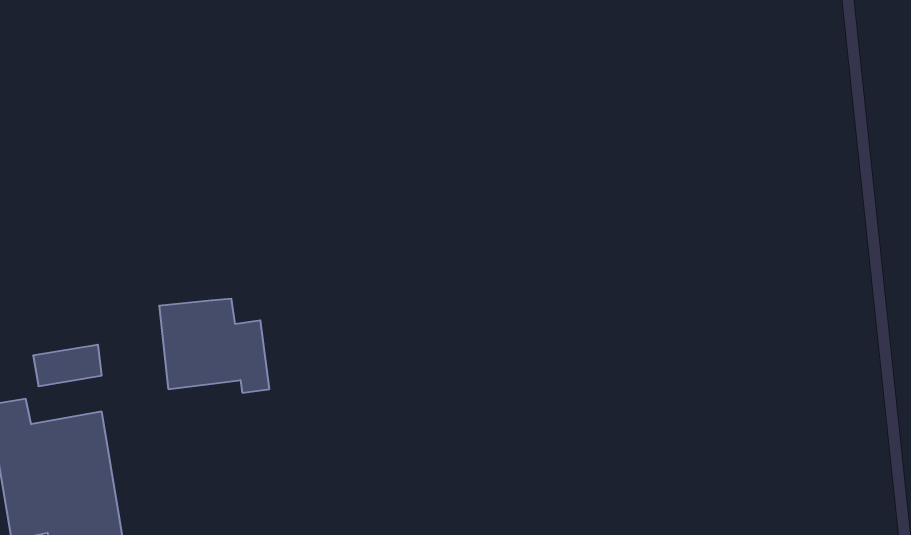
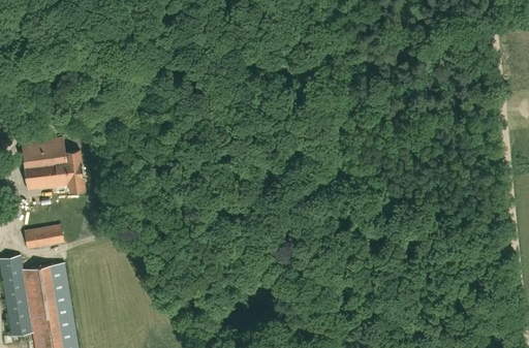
building: [159,299,269,393] -> [22,138,85,192]

